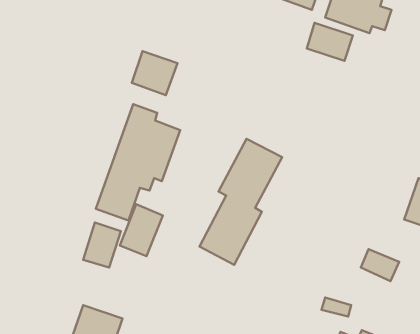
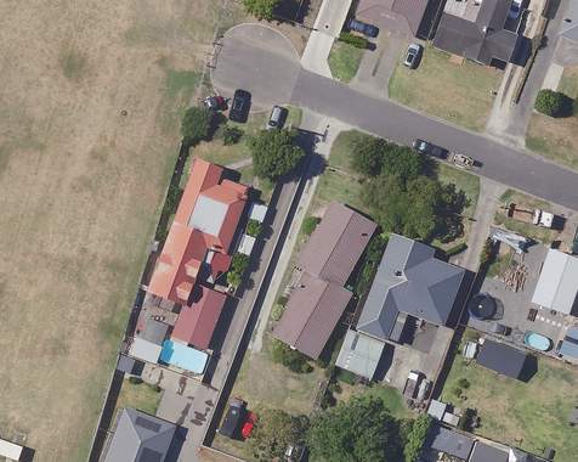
building: [307,23,353,61] -> none
building: [132,51,177,95] -> none
building: none -> [336,238,464,378]

